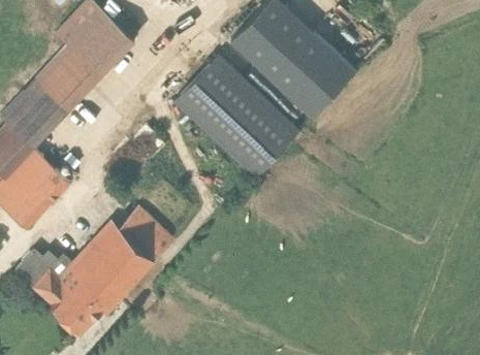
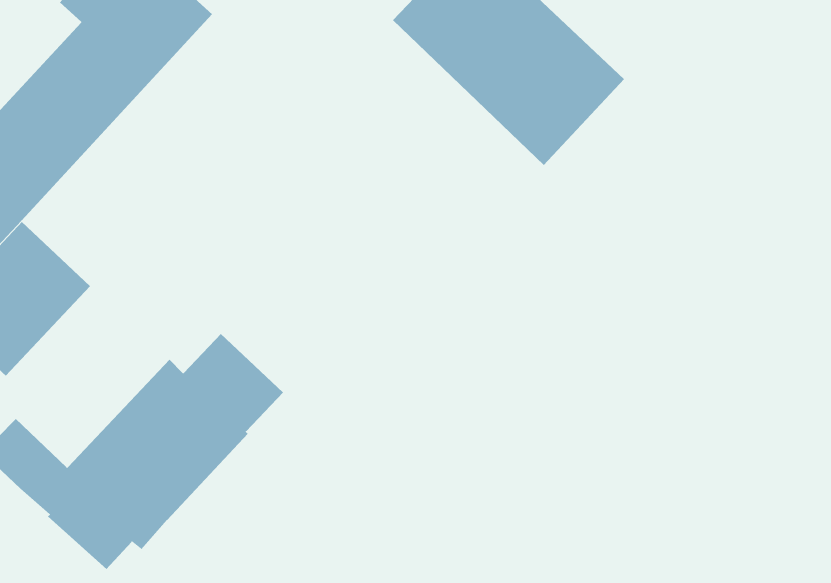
building: [175,56,297,176] -> none

